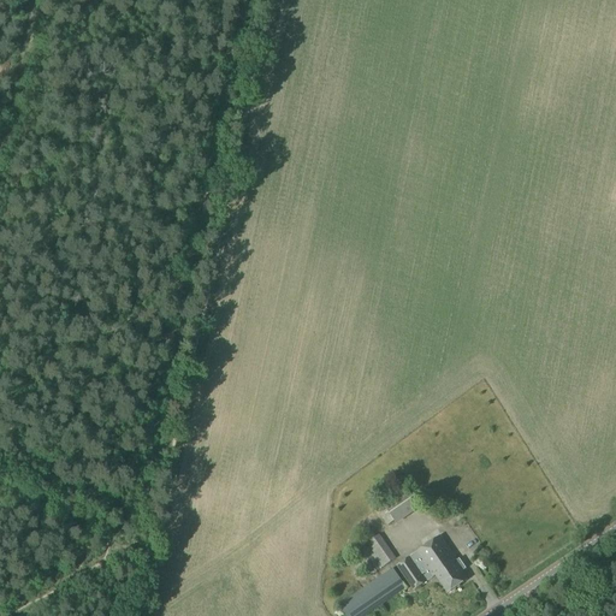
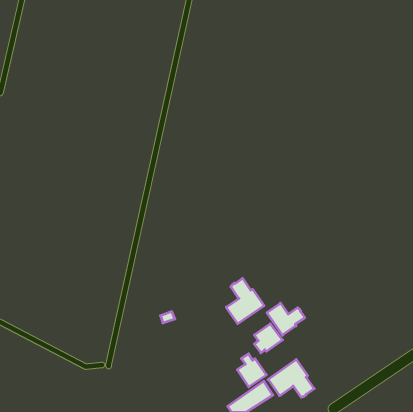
building: none -> [226,278,264,324]
building: none -> [267,303,305,335]

